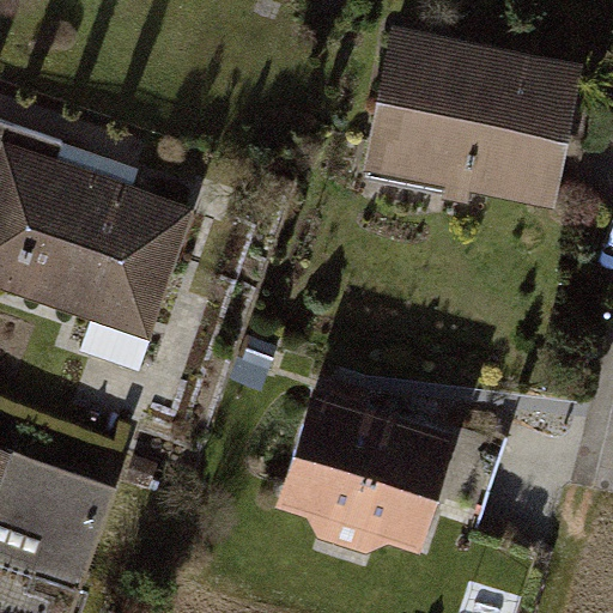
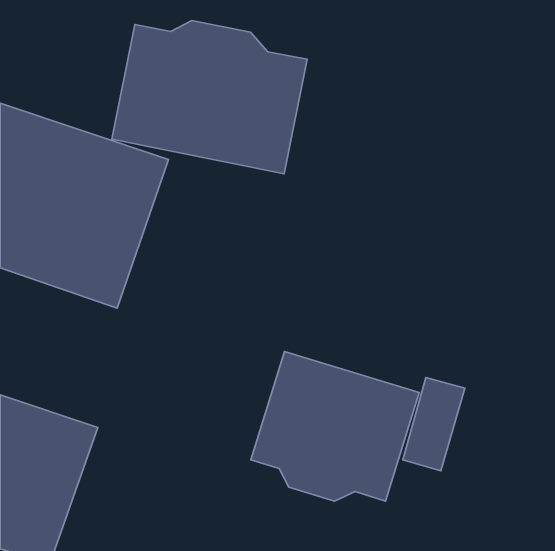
building: none -> [112,20,307,174]
building: [364,26,584,211] -> none

